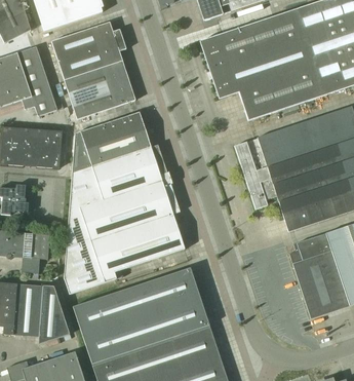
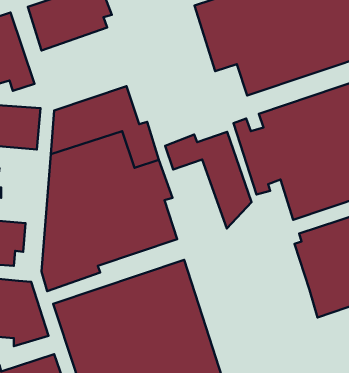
building: [63,60,134,119] -> none
building: none -> [165,132,251,229]

